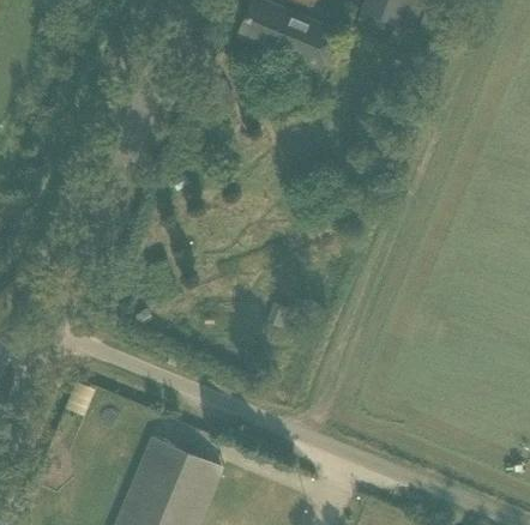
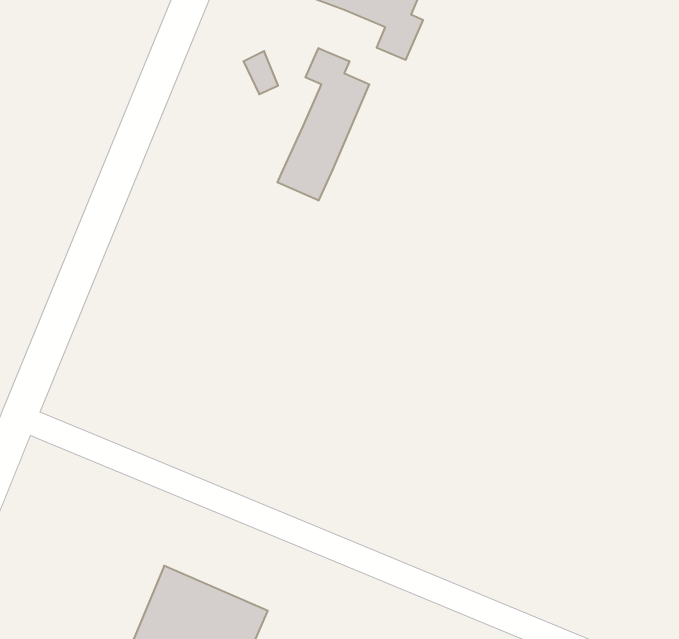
building: none -> [278,48,369,201]

